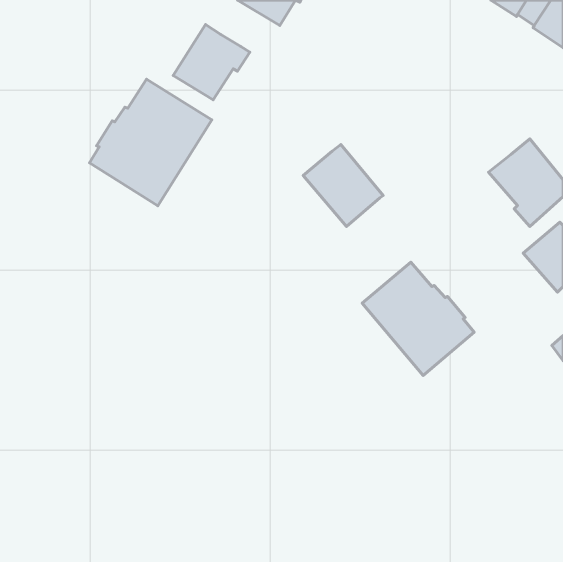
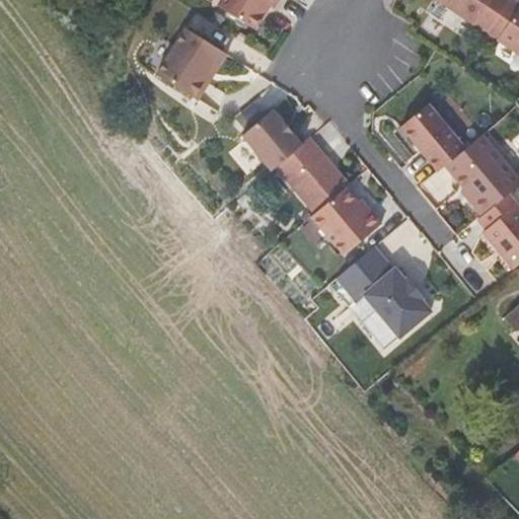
building: [89,79,212,206] -> none
building: none -> [401,101,466,168]
building: none -> [243,108,303,168]
building: none -> [312,186,382,253]

